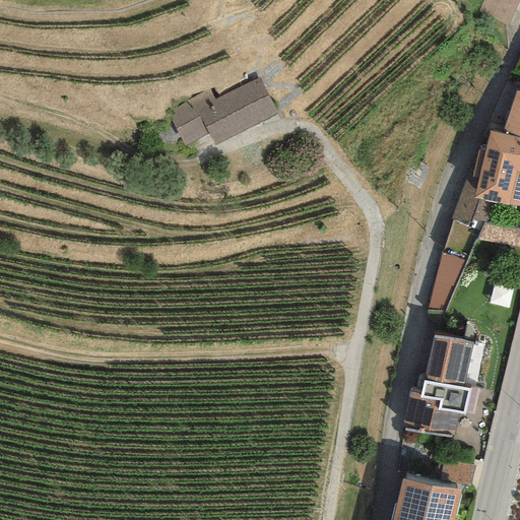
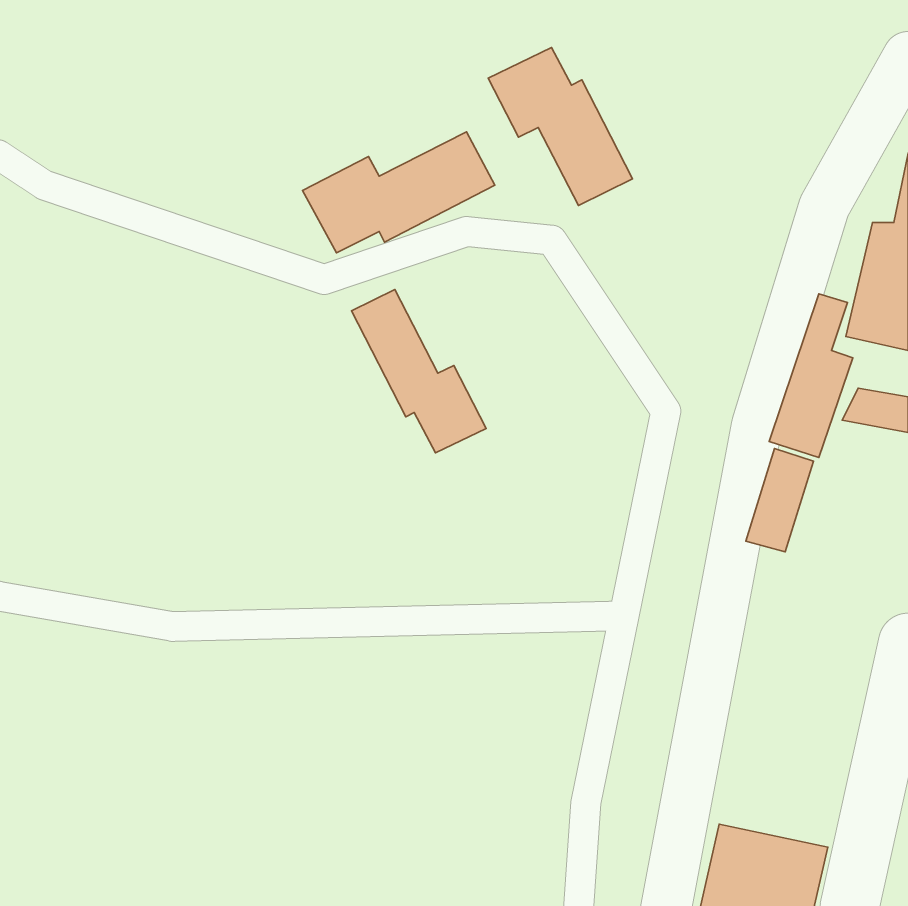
building: none -> [488,47,632,205]
building: none -> [352,290,486,453]
building: [408,330,479,437] -> none

